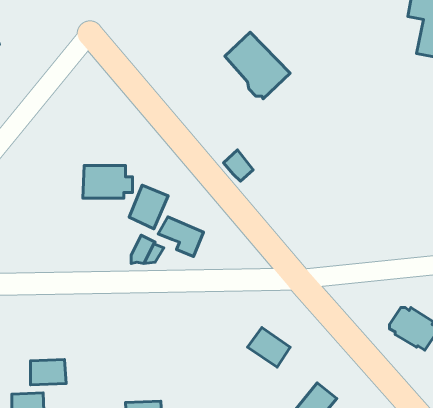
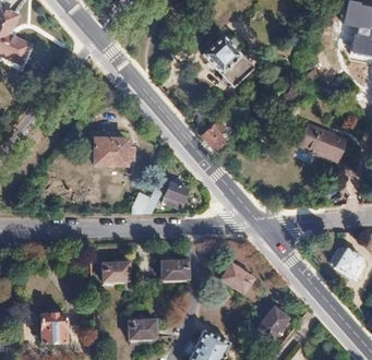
building: none -> [300,121,346,154]
building: [129,185,168,229] -> none
building: none -> [161,261,189,280]
building: [31,359,66,385] -> [103,263,130,283]

